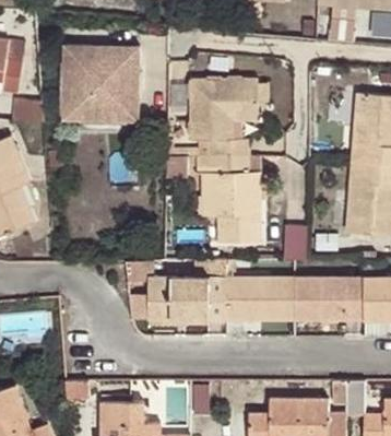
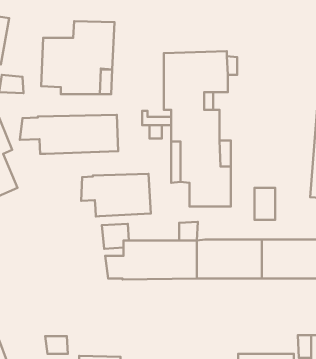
building: none -> [20,115,118,154]
building: none -> [81,174,151,216]

